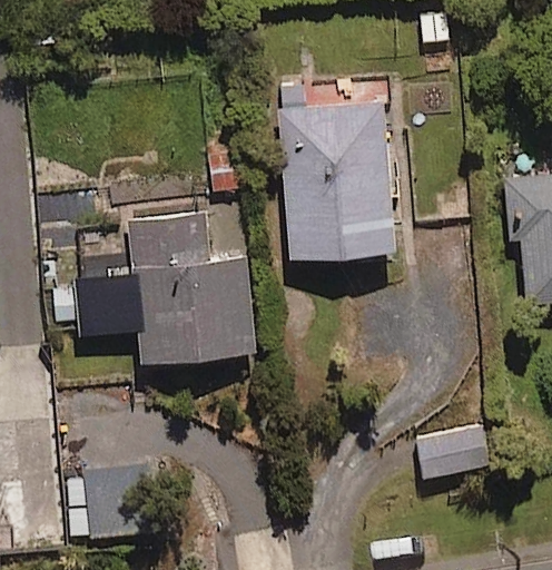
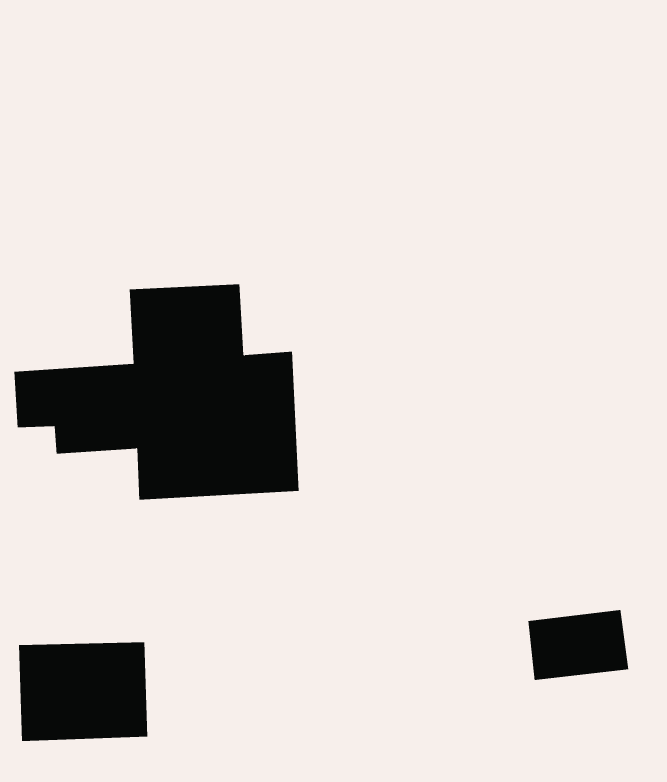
building: [279,79,396,262] -> none

